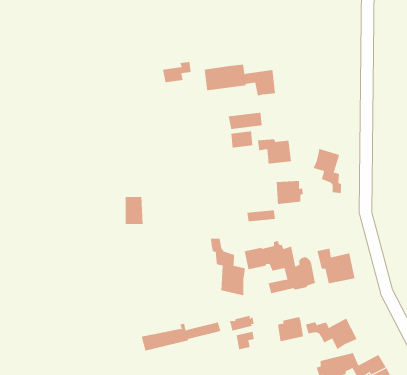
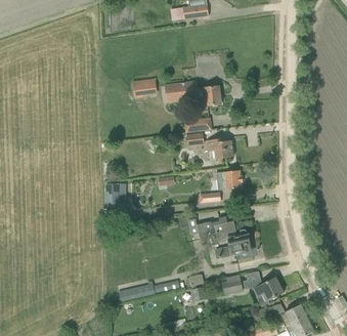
building: [313,148,341,194] -> none
building: [211,238,246,296] -> none
building: [317,248,355,284] -> none

